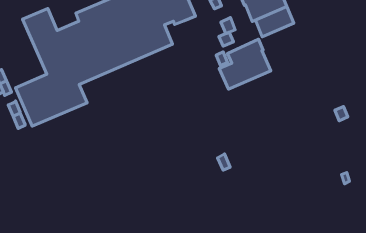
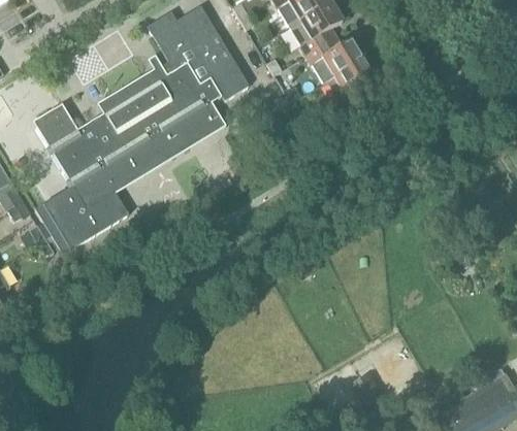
building: [219,39,271,89] -> none

